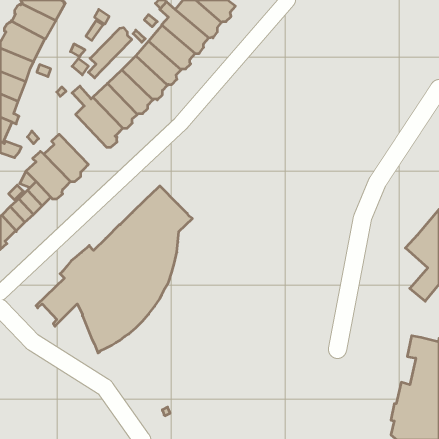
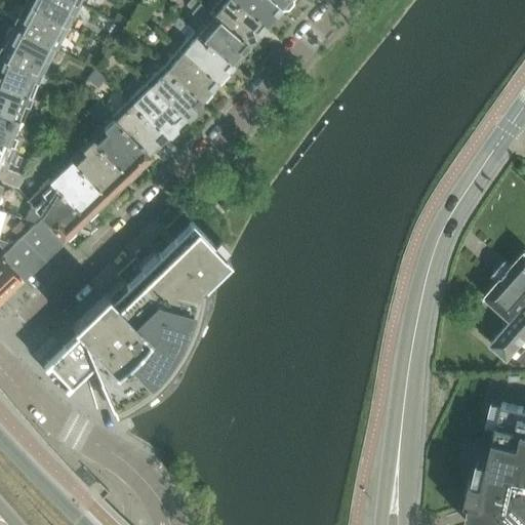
building: [88,28,132,78] -> none
building: none -> [74,139,127,197]

